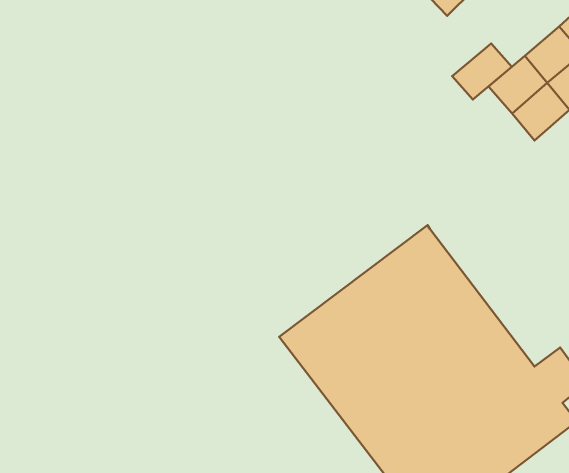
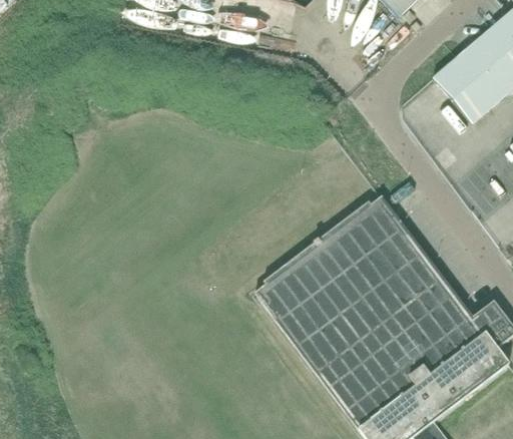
building: [452,44,512,99] -> none

